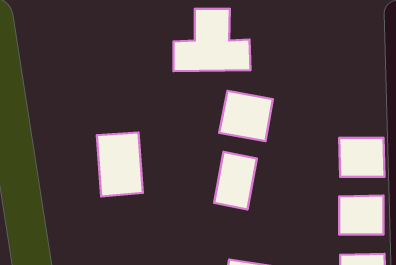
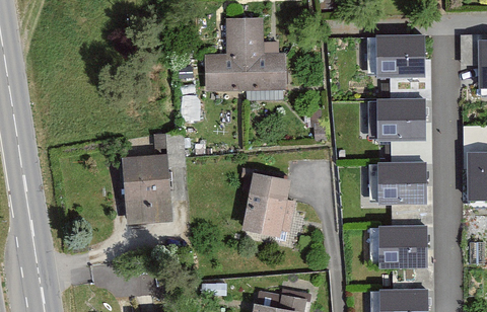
building: none -> [377,33,426,76]
building: none -> [378,97,427,140]
building: [219,91,273,141] -> none

